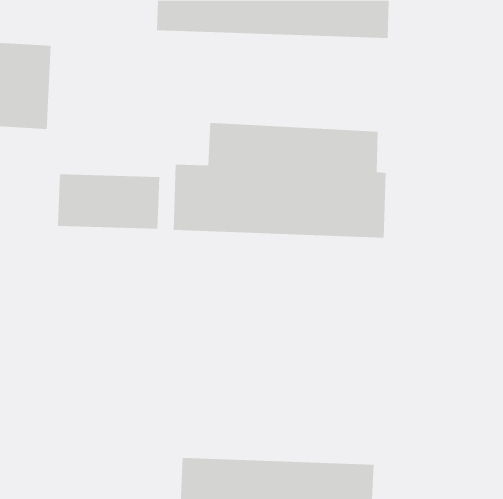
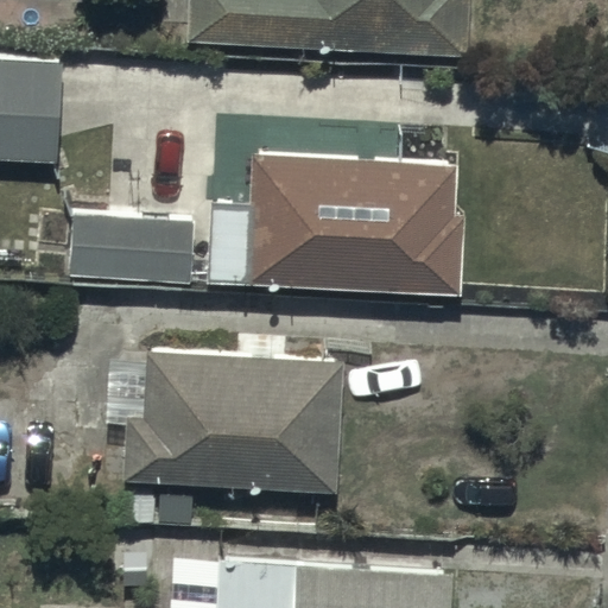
building: none -> [122,353,340,490]

